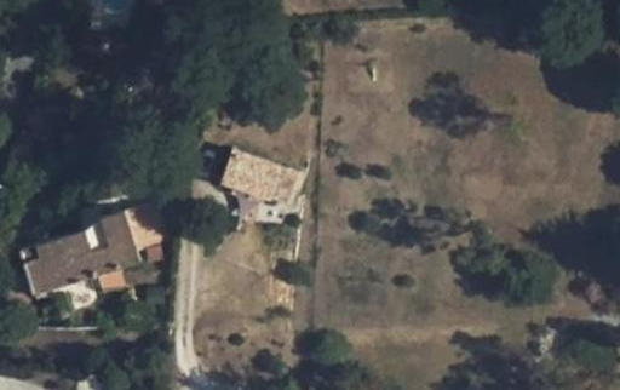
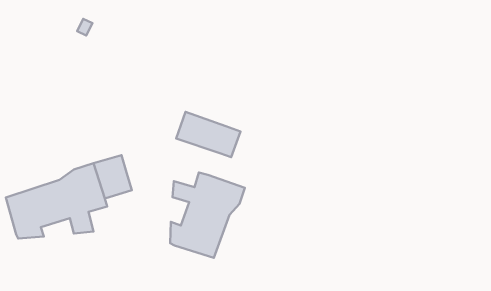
building: none -> [170,172,245,258]

